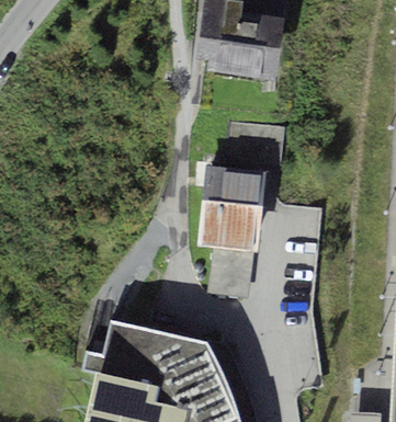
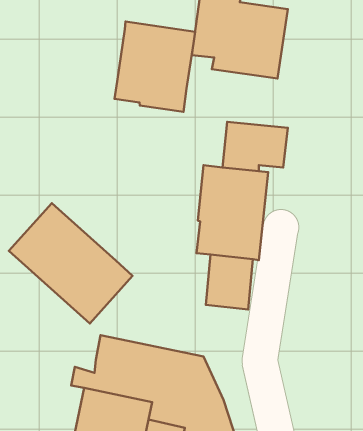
building: none -> [114,22,195,112]
building: none -> [9,203,133,323]

